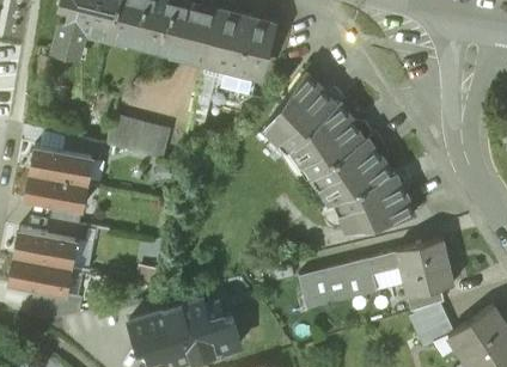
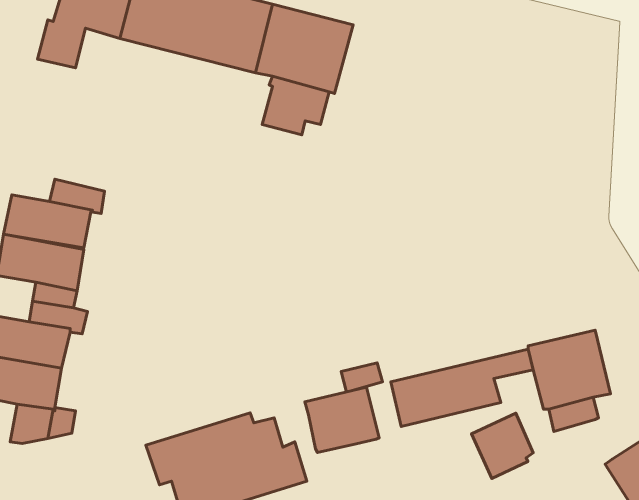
building: [265,72,414,232] -> none
building: [106,117,167,159] -> none
building: none -> [305,387,379,452]
building: [410,302,453,348] -> [471,413,533,479]

